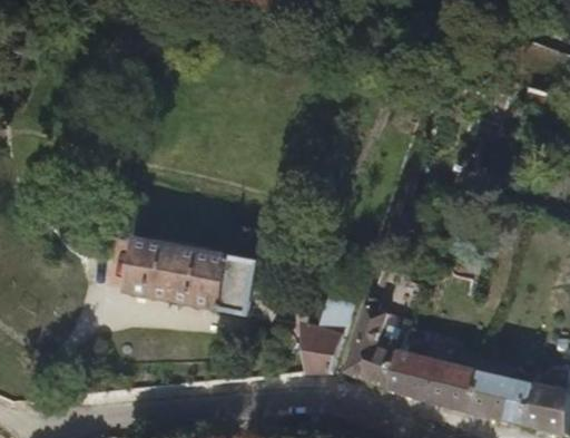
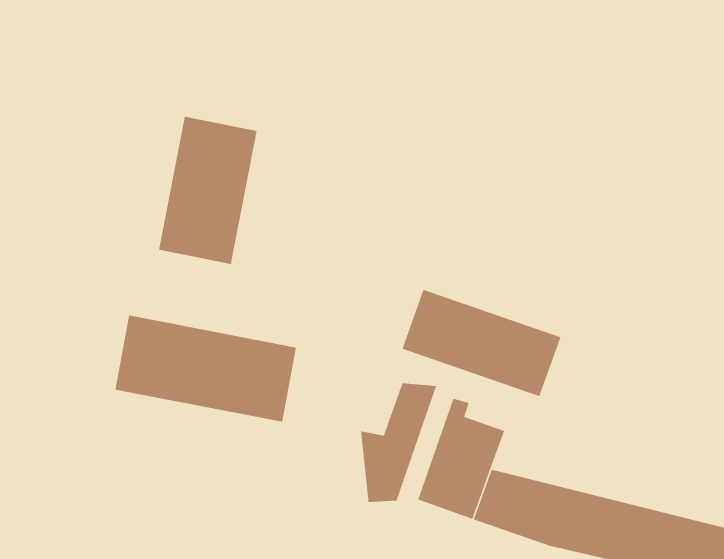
building: none -> [158,116,258,265]
building: none -> [401,289,561,397]

